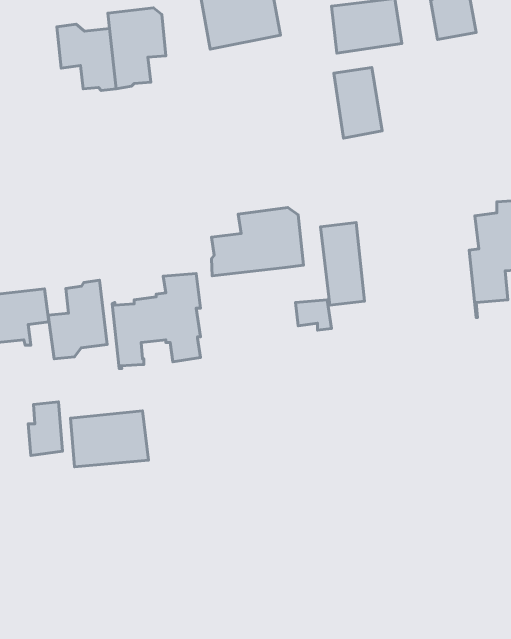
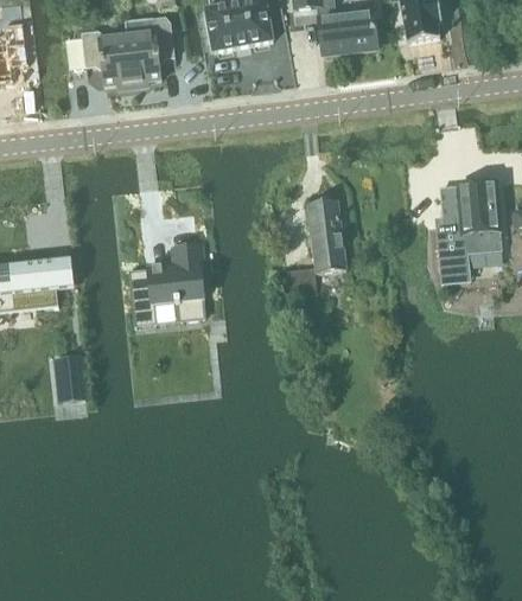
building: [334,68,382,138] -> none
building: [211,208,304,276] -> none
building: [48,280,107,359] -> none
building: [71,411,149,467] -> none

